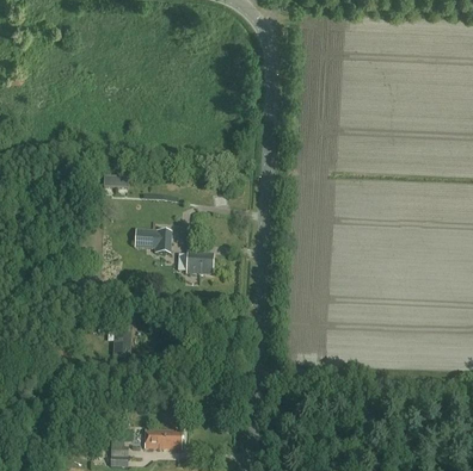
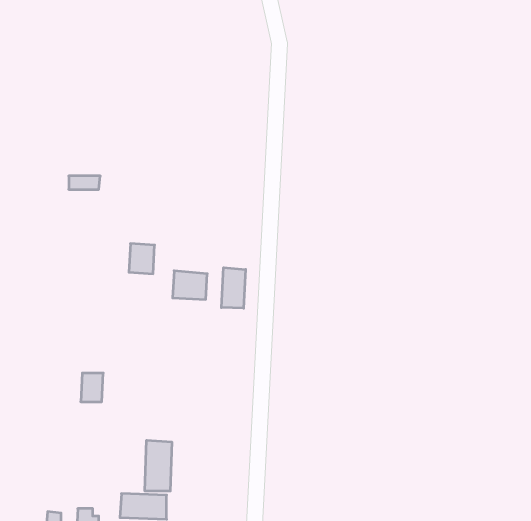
building: none -> [221,268,246,308]
building: none -> [145,440,172,491]

